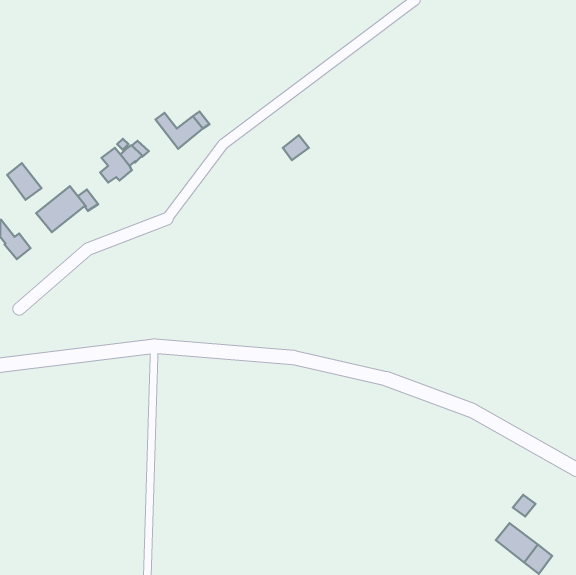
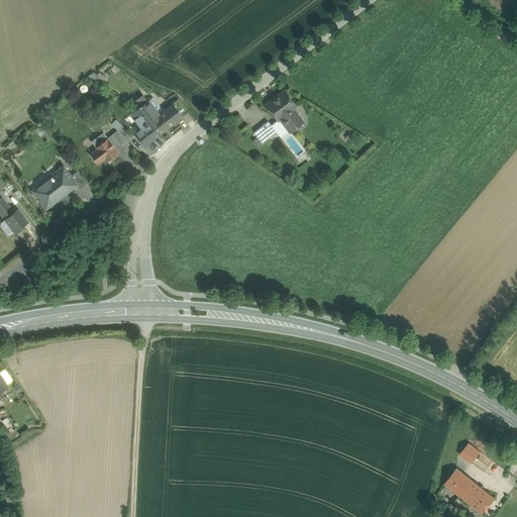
building: none -> [267,92,302,132]
building: none -> [131,108,160,146]
building: [7,163,41,200] -> none

